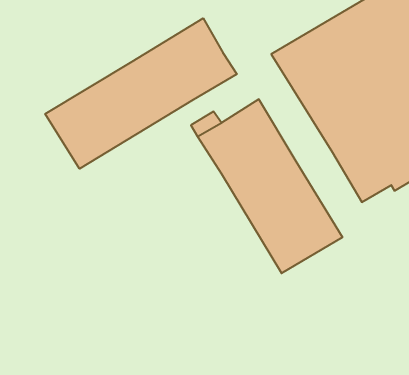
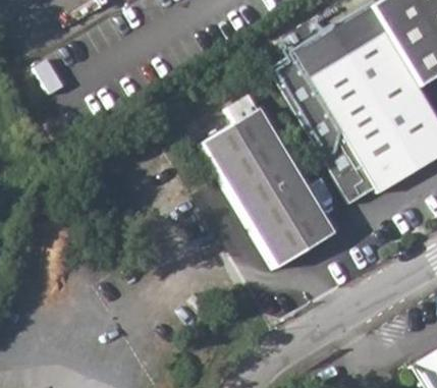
building: [45,18,237,169] -> none

